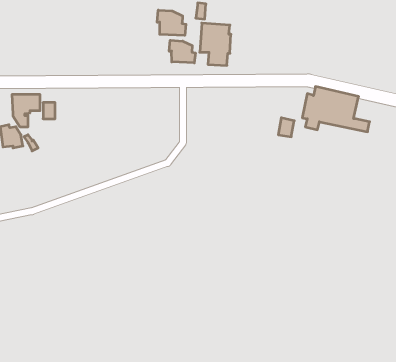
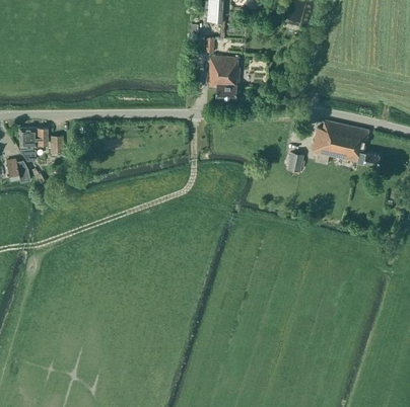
building: [157,10,186,35] -> none
building: [169,40,195,63] -> none

